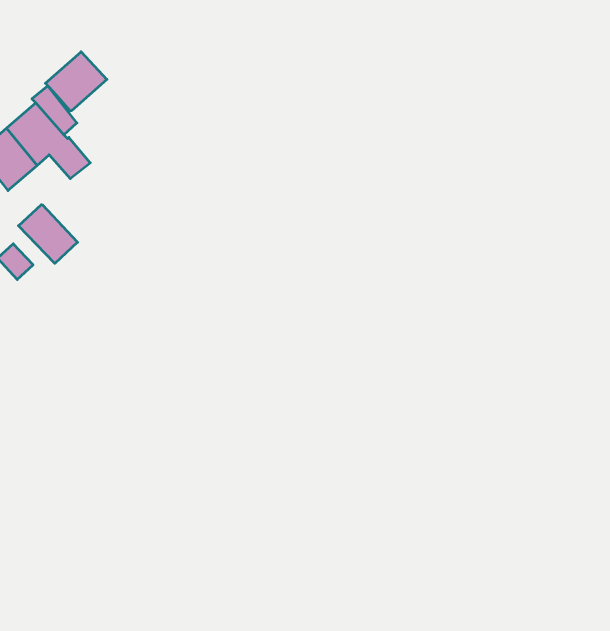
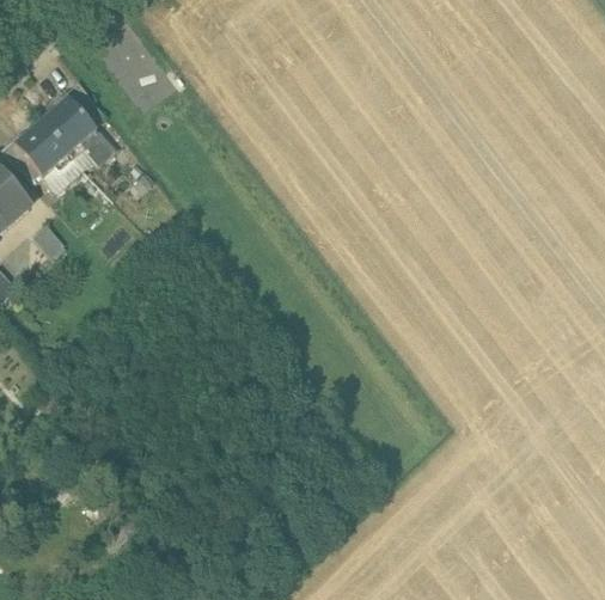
building: [45,52,107,111] -> none
building: [18,205,78,263] -> none

